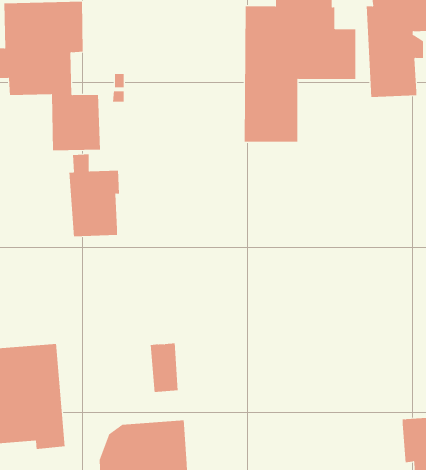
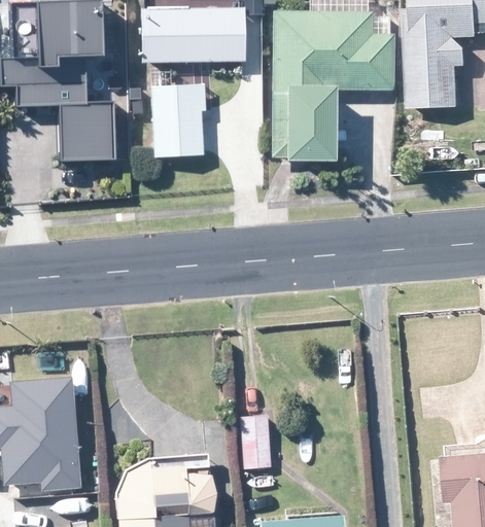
building: none -> [140,7,246,63]
building: [68,154,120,237] -> [150,67,206,156]
building: [150,343,178,393] -> [241,415,272,468]

